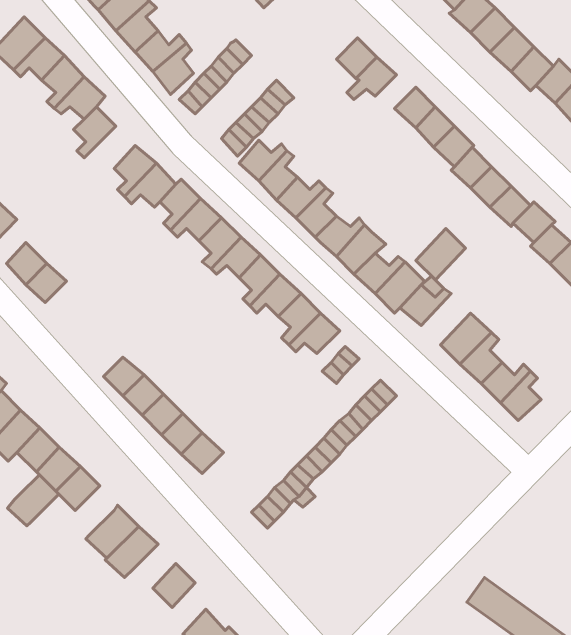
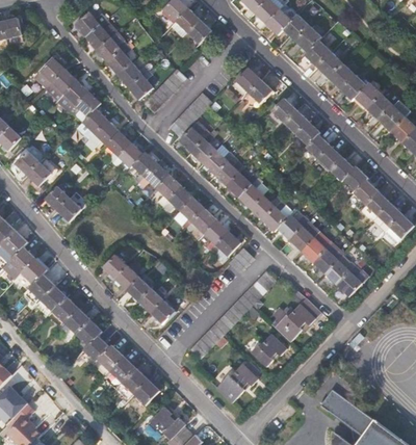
building: none -> [86,120,121,150]
building: [416,229,465,280] -> [289,218,318,248]
building: none -> [270,297,318,339]
building: [8,475,59,526] -> [78,335,108,365]
building: none -> [251,332,285,363]
building: none -> [216,362,256,398]
building: none -> [113,366,145,398]

